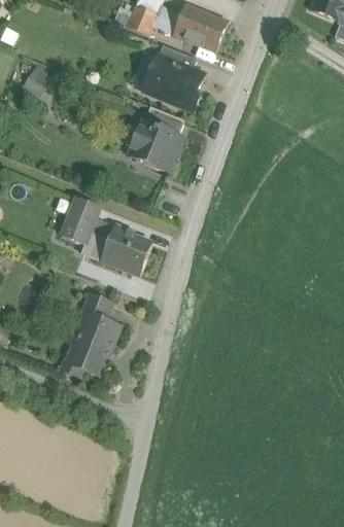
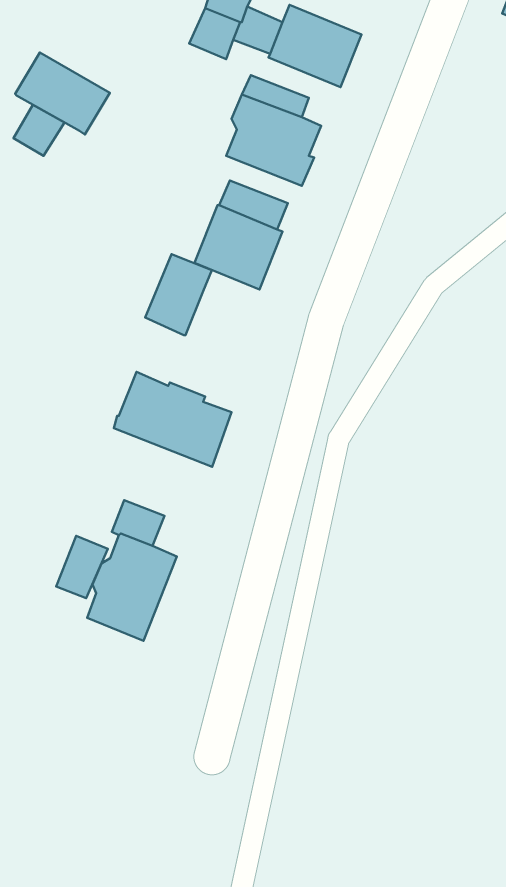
building: none -> [15,52,110,134]
building: [62,197,101,244] -> [145,254,212,335]
building: none -> [56,536,108,598]

